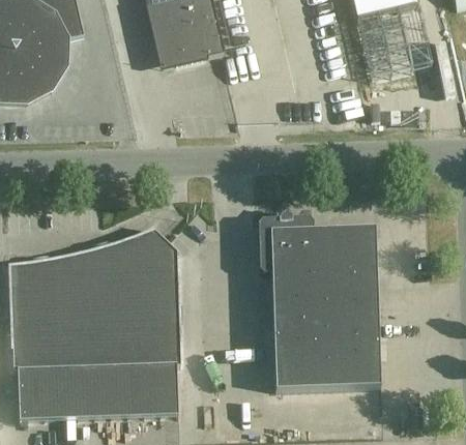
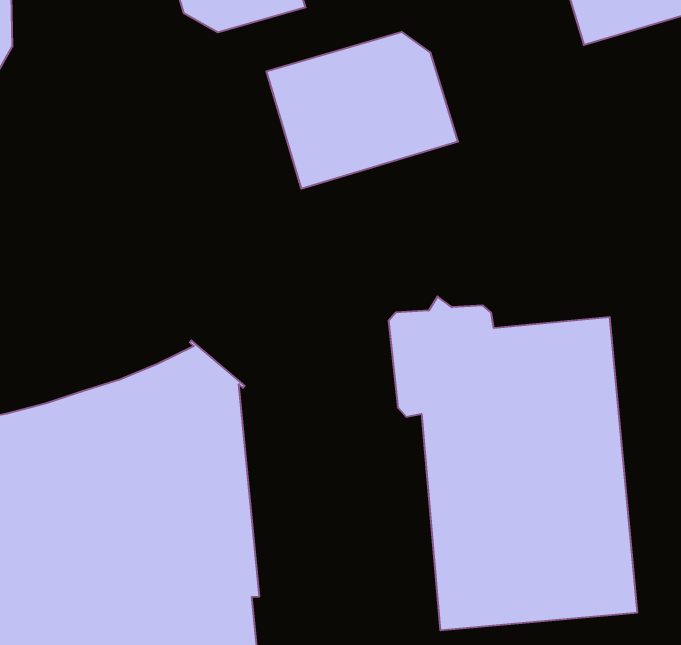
building: none -> [266,32,458,189]

